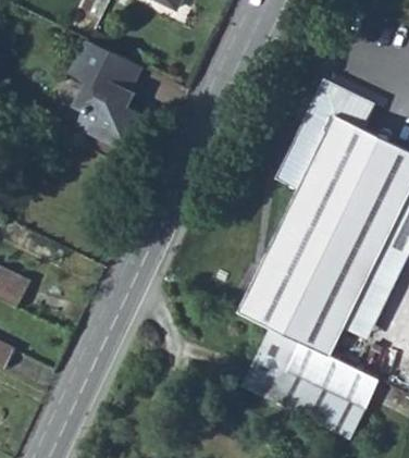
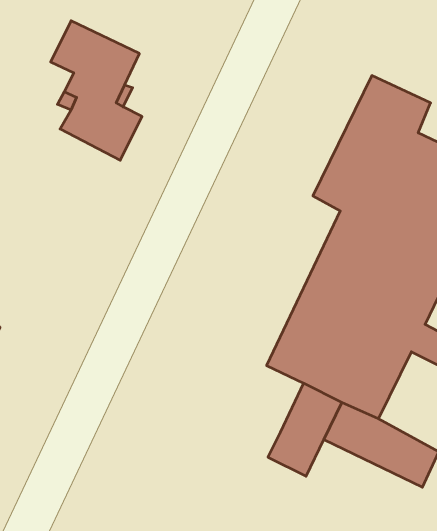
building: [273,371,365,438] -> none

